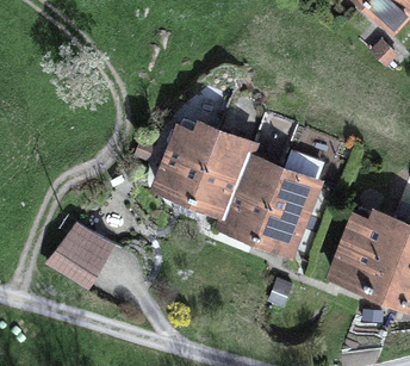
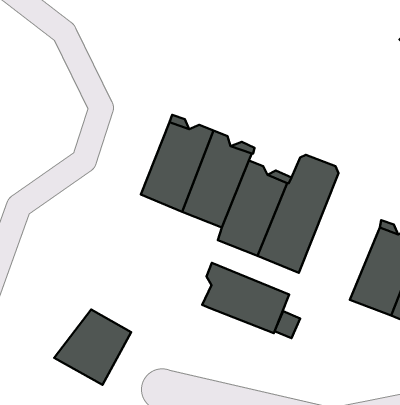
building: [48,224,112,287] -> [54,309,131,385]
building: none -> [202,263,289,333]

